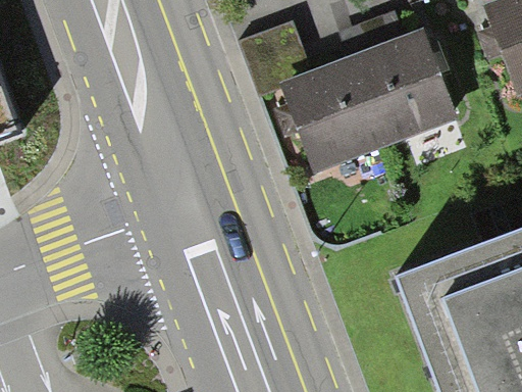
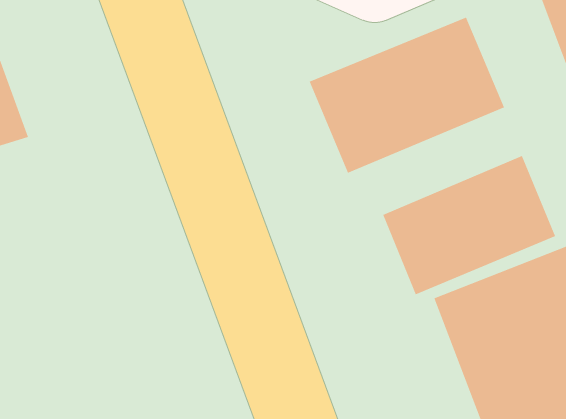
building: none -> [383,155,556,295]

